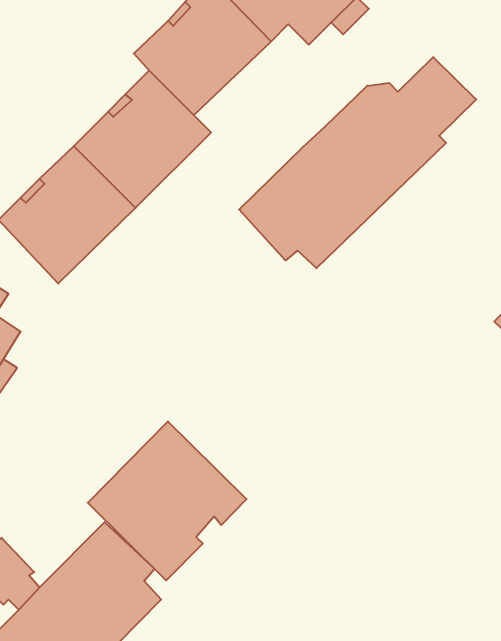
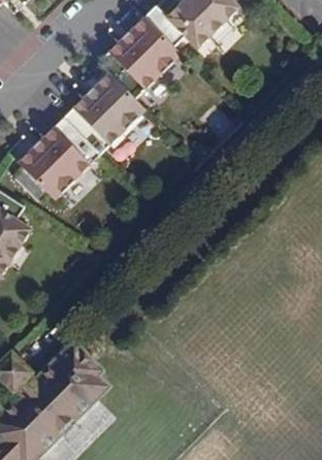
building: [239,57,476,268] -> none
building: [88,421,247,580] -> none

